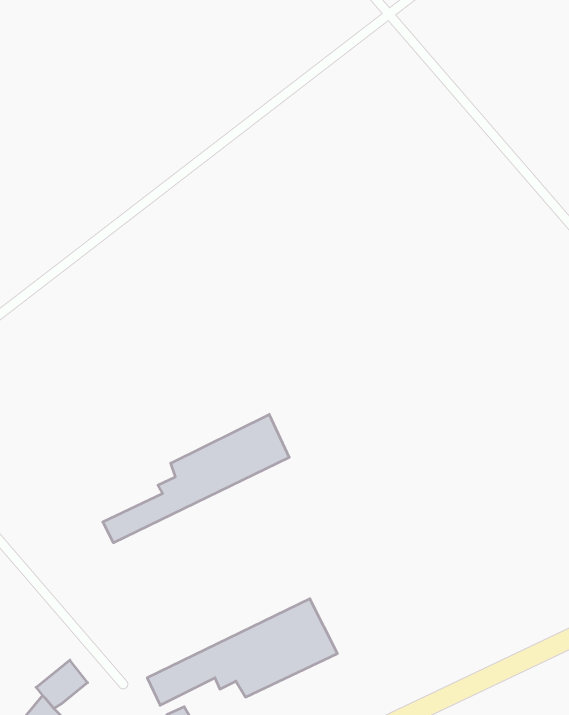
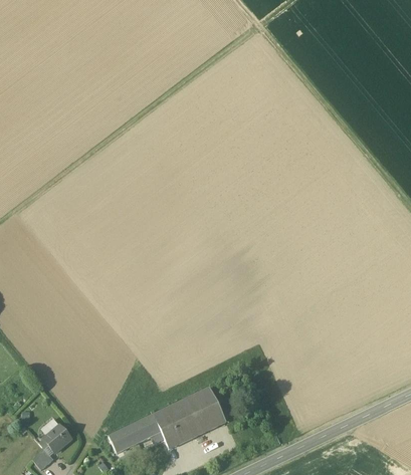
building: [103,414,289,543] -> none

